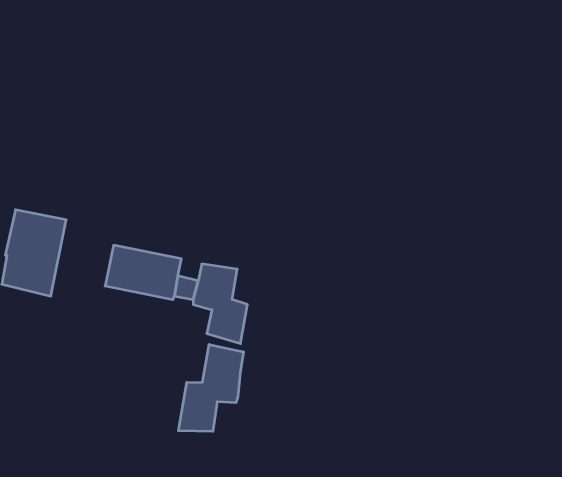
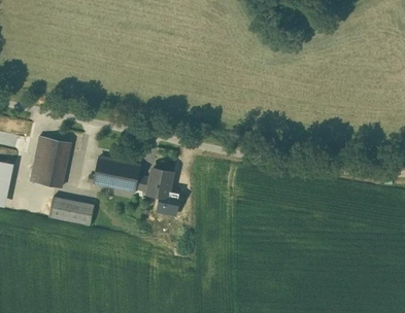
building: none -> [49,197,94,225]
building: [178,344,243,431] -> none

